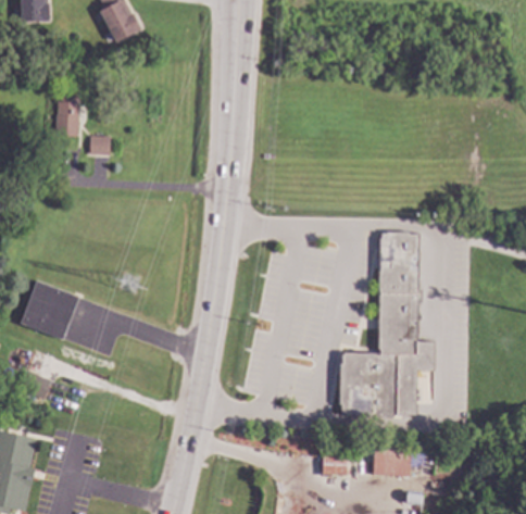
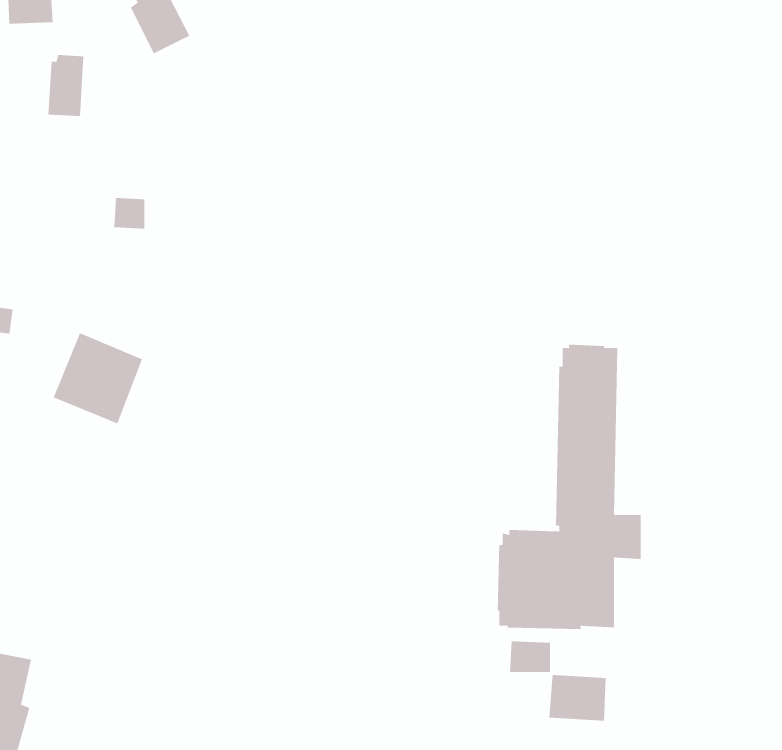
building: [55,97,79,137] -> [47,55,84,116]
building: [20,280,78,340] -> [53,332,143,424]
building: [320,454,347,475] -> [509,641,551,672]

